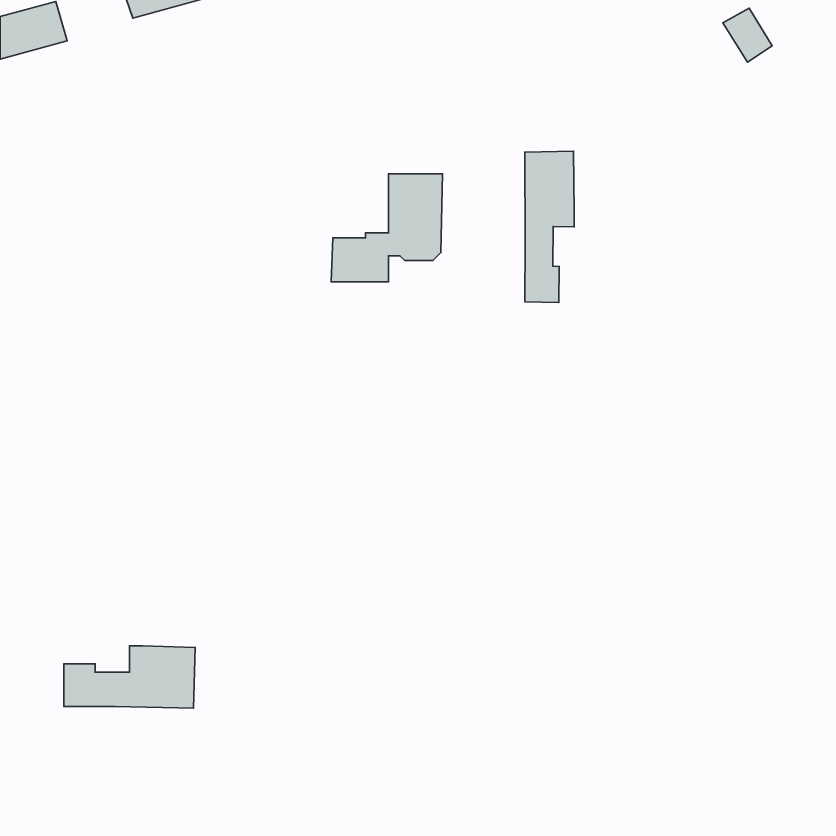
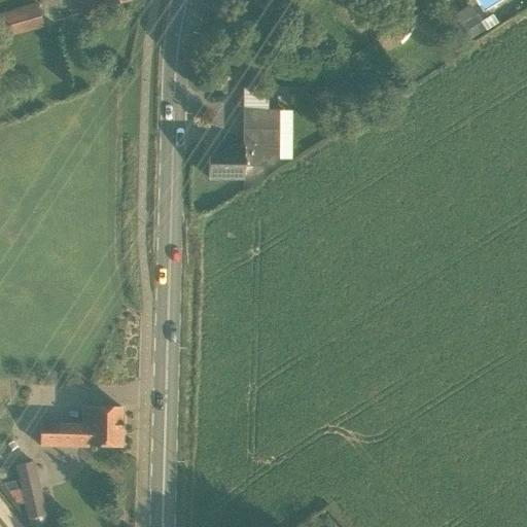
building: [525,151,574,302] -> none
building: none -> [9,460,47,518]

